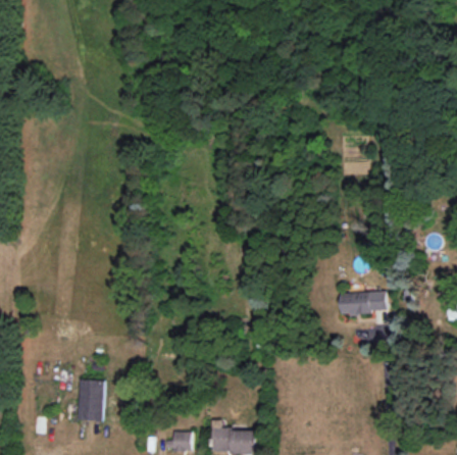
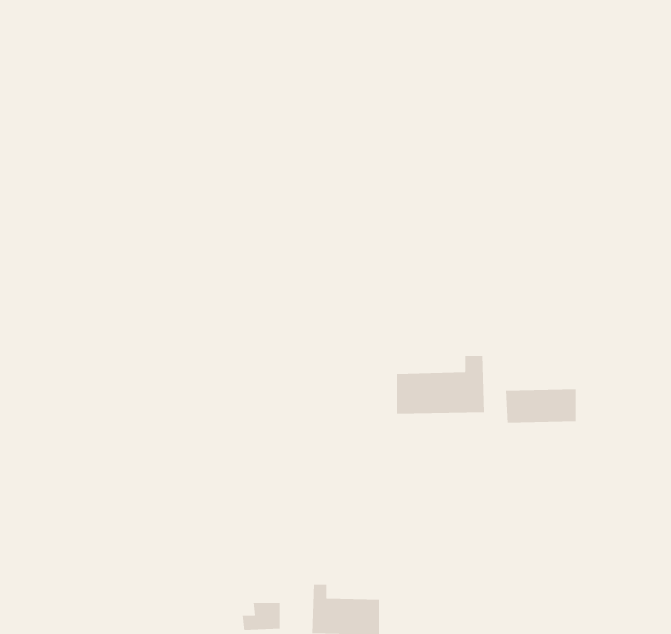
building: none -> [396,355,485,415]
building: [78,380,104,420] -> none

